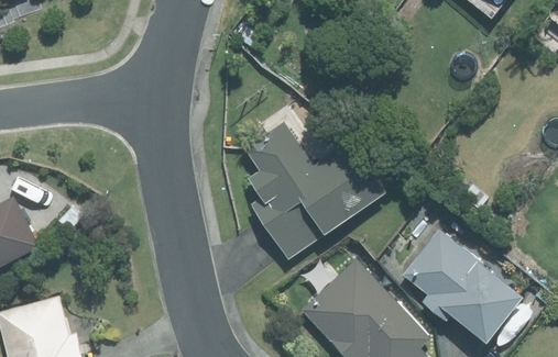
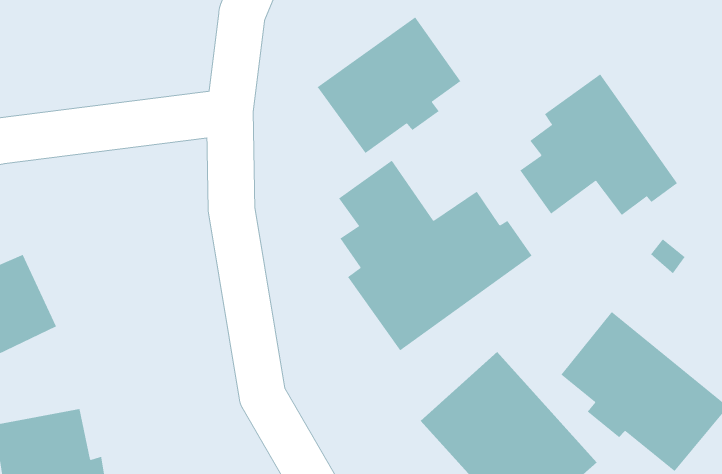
building: none -> [317,17,461,154]
building: none -> [519,74,678,216]

